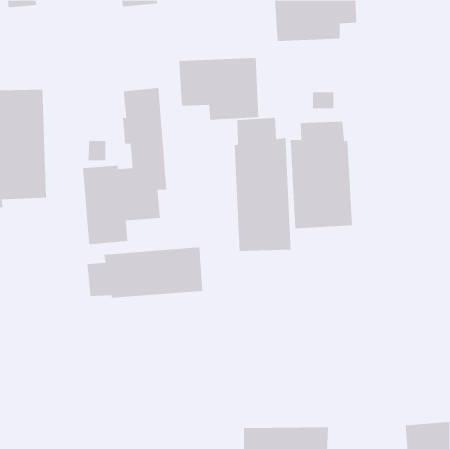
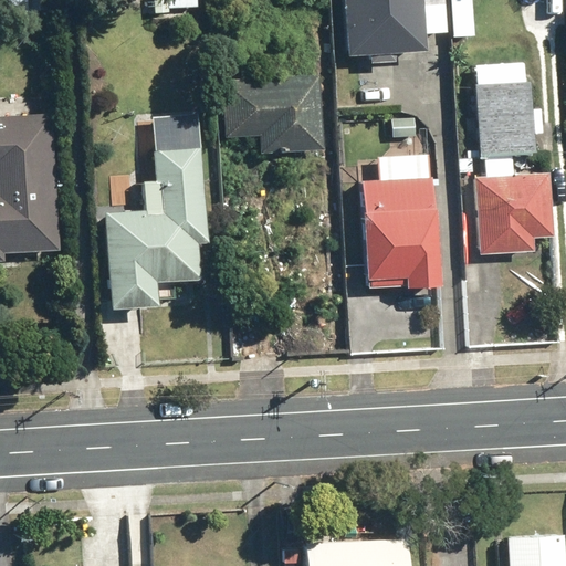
building: none -> [474,63,552,254]
building: [234,117,291,252] -> none
building: [87,246,203,299] -> none

